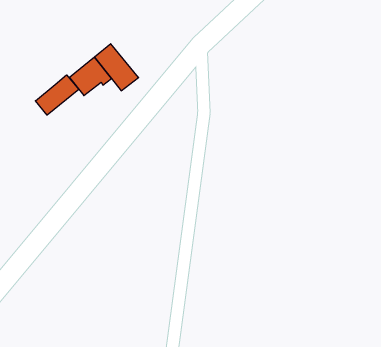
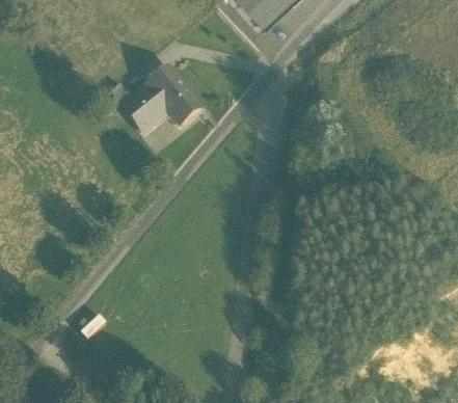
building: [35,75,79,115] -> none

